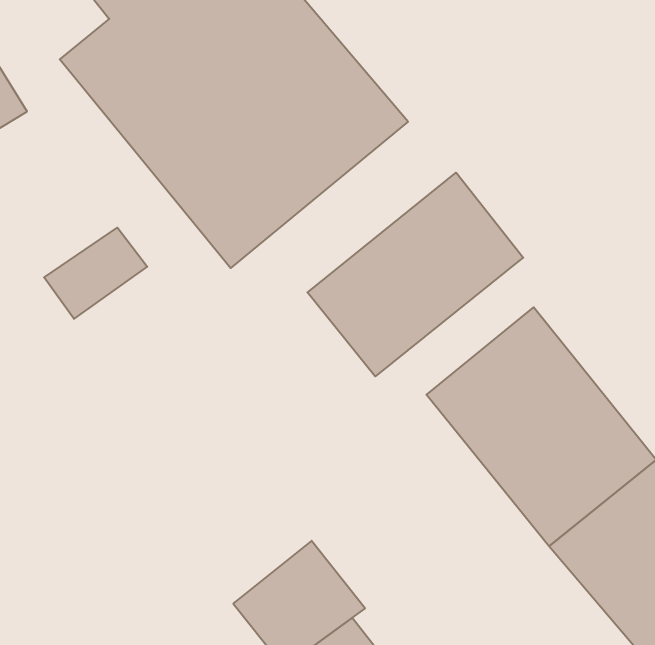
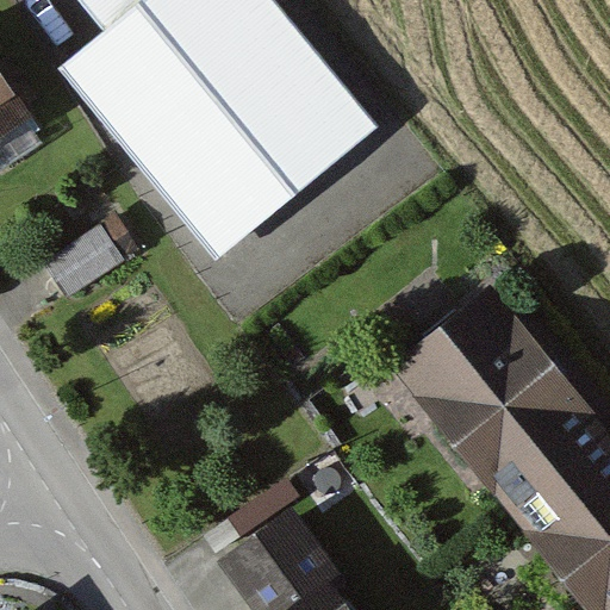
building: [307,173,523,376] -> none

